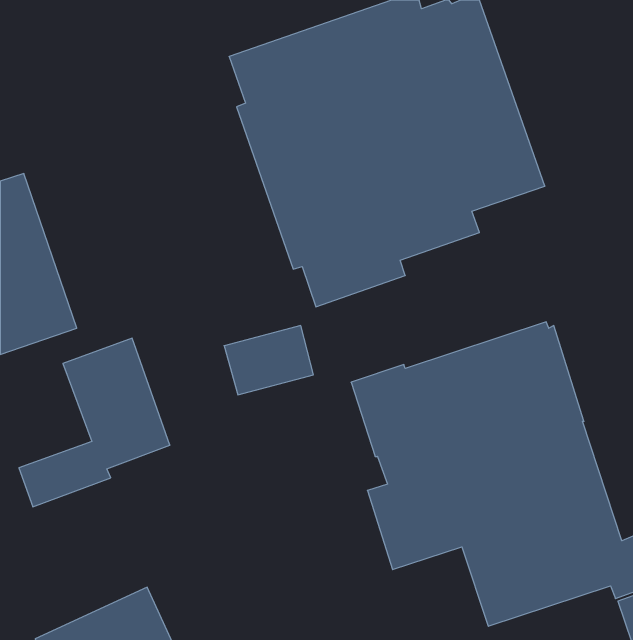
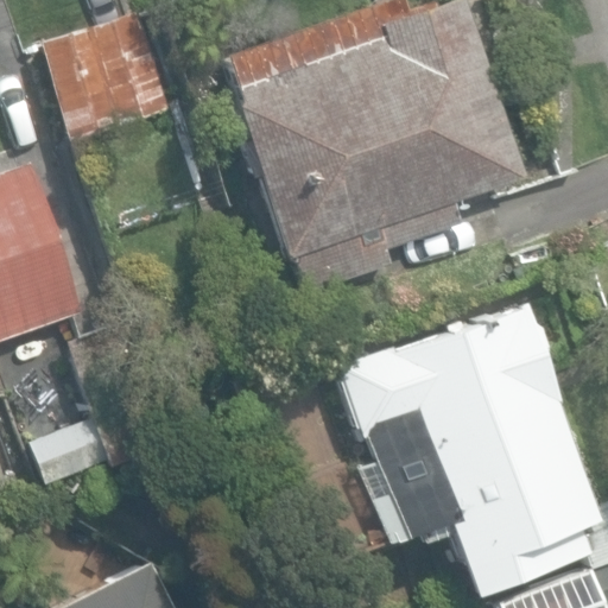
building: none -> [44,12,171,140]

